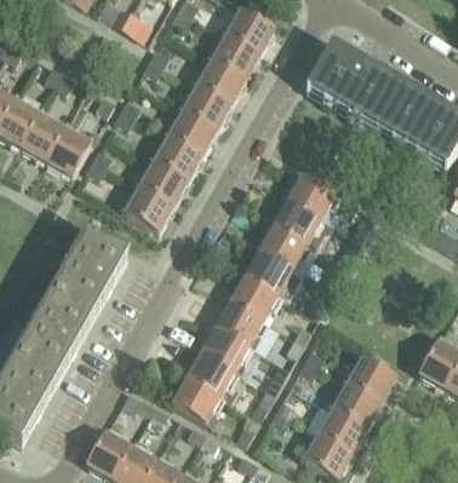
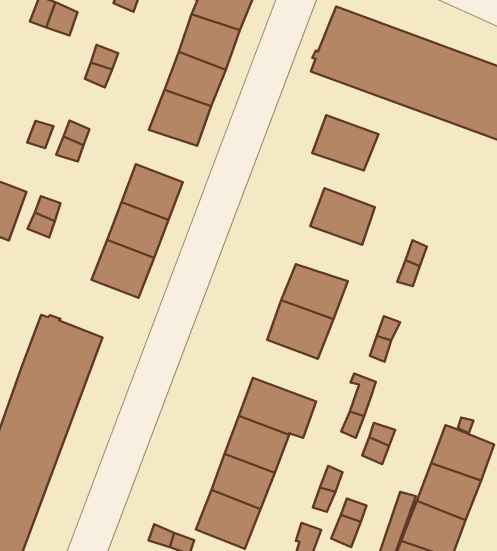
building: [170,111,216,153] -> none
building: [273,199,322,242] -> [312,115,378,170]
building: [229,275,277,324] -> none

